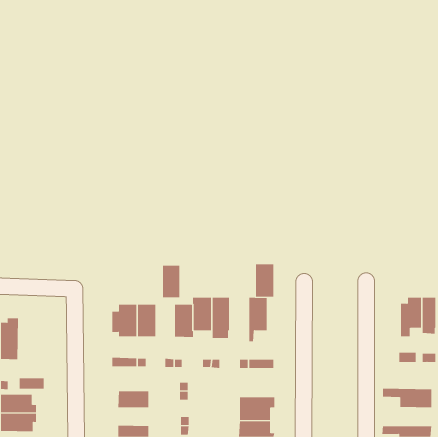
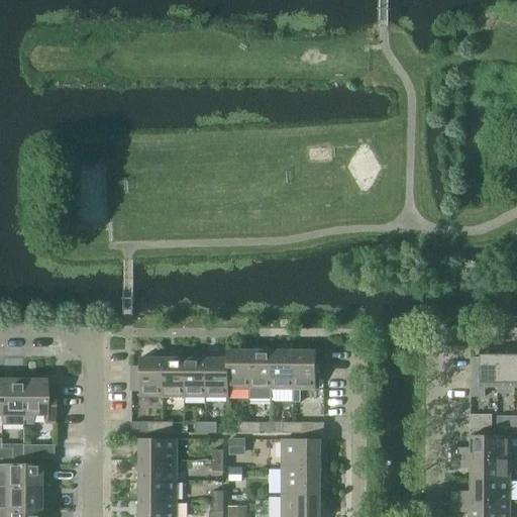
building: [255,264,274,297] -> [271,350,293,390]
building: [162,265,180,298] -> [184,358,205,397]
building: none -> [21,375,53,424]
building: none -> [450,435,510,458]
building: none -> [139,439,176,460]
building: none -> [282,439,324,468]
building: none -> [450,480,509,502]
building: none -> [138,481,176,502]

